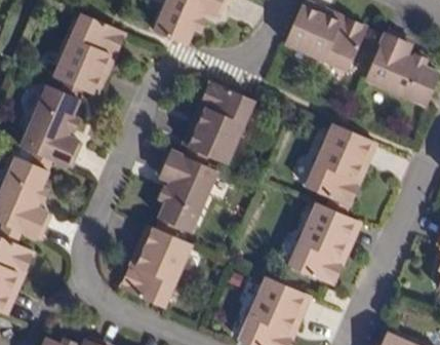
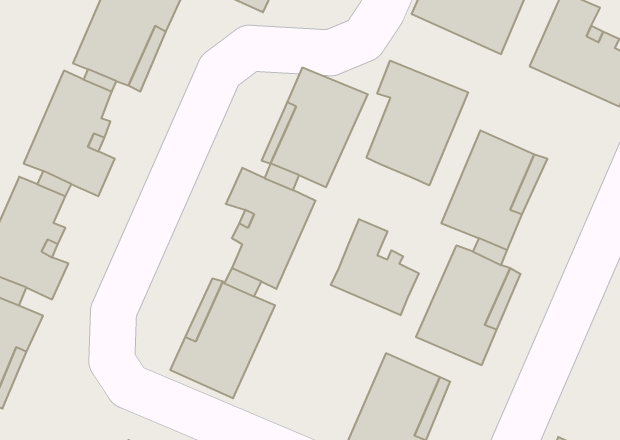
building: none -> [367,61,468,185]
building: none -> [331,219,419,315]

